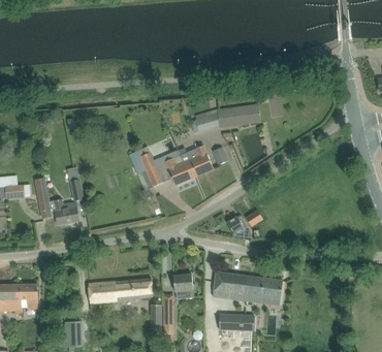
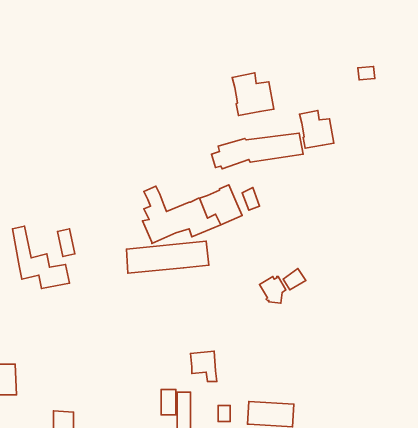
building: none -> [232,73,274,116]
building: none -> [300,110,334,148]
building: [213,271,283,305] -> none
building: [89,278,153,302] -> [127,241,209,273]

